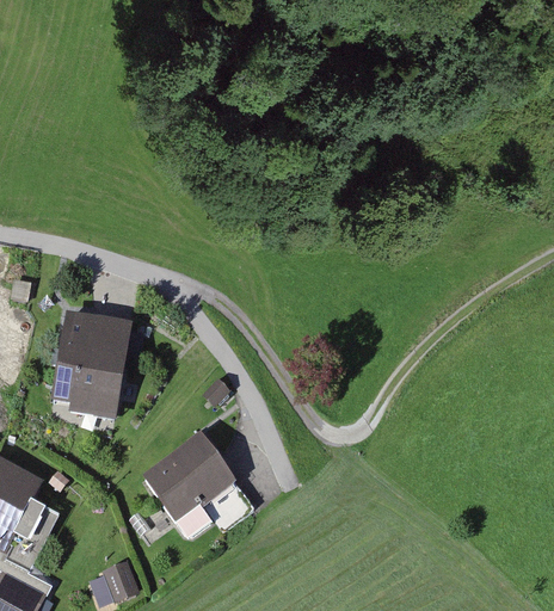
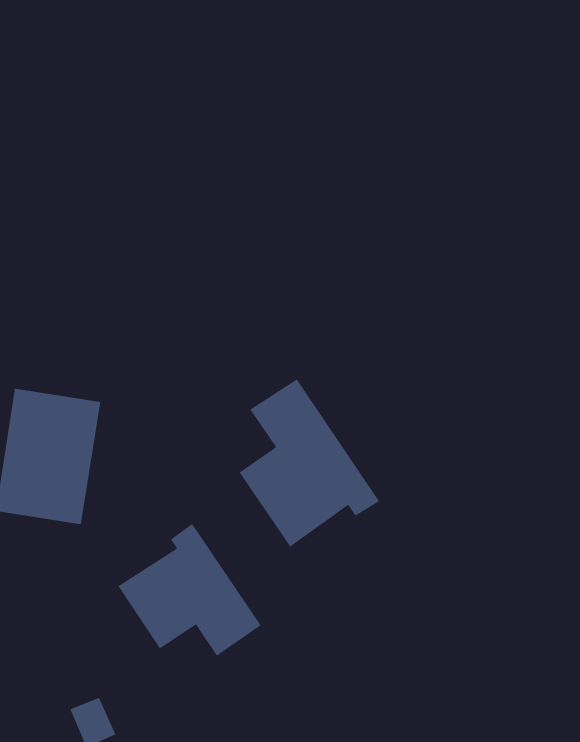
building: none -> [239,379,380,547]

